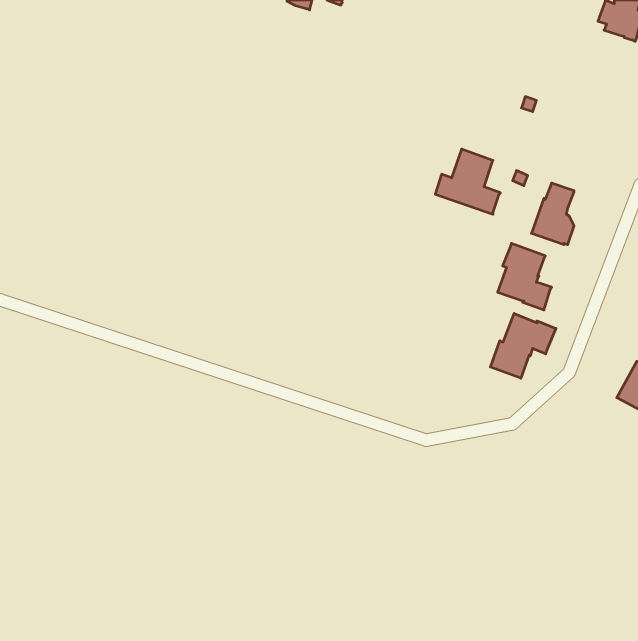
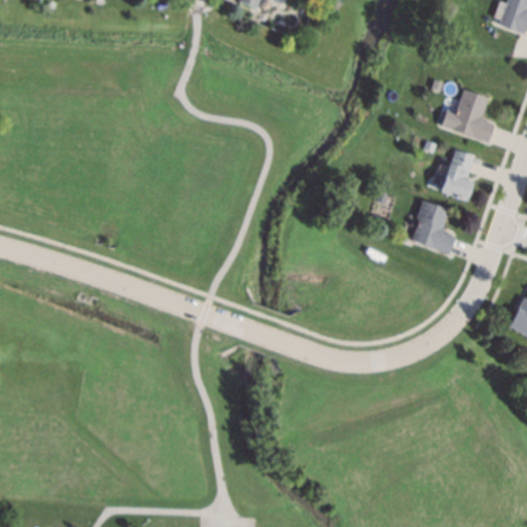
building: [435,149,500,214] -> [441,89,494,142]
building: [490,313,556,378] -> none

